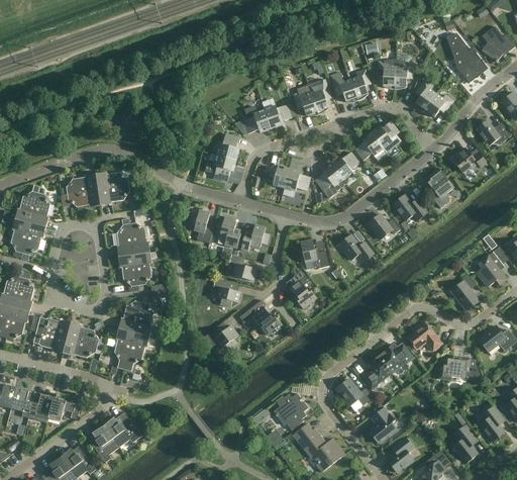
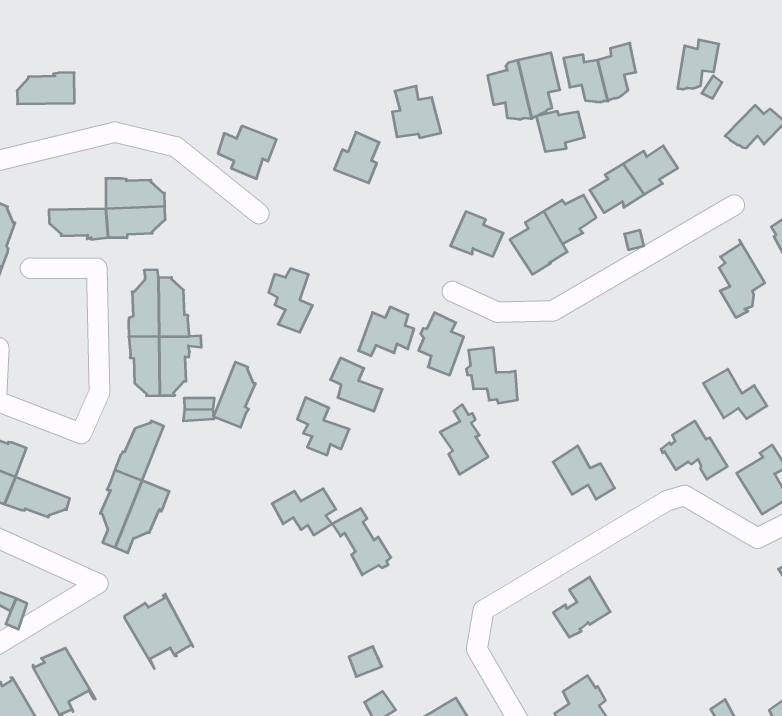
building: [377,61,395,89] -> none
building: [415,79,436,111] -> none
building: [264,104,291,127] -> [536,111,585,152]
building: [205,154,235,181] -> [218,126,276,179]
building: [262,165,289,187] -> none
building: [66,173,97,193] -> [17,73,74,104]
building: [392,194,427,220] -> [703,369,767,419]
building: [368,213,400,238] -> none
building: [218,215,241,248] -> [419,313,464,375]
building: [338,233,373,261] -> [553,446,615,499]
building: [246,299,280,334] -> [332,508,391,575]
building: [133,301,153,335] -> [214,362,255,427]
building: [406,320,442,351] -> [661,421,727,479]
building: [66,321,98,346] -> none
building: [378,343,412,372] -> none
building: [438,356,480,380] -> none
building: [336,378,373,405] -> none
building: [273,392,308,429] -> none
building: [103,410,141,451] -> [124,594,193,669]

